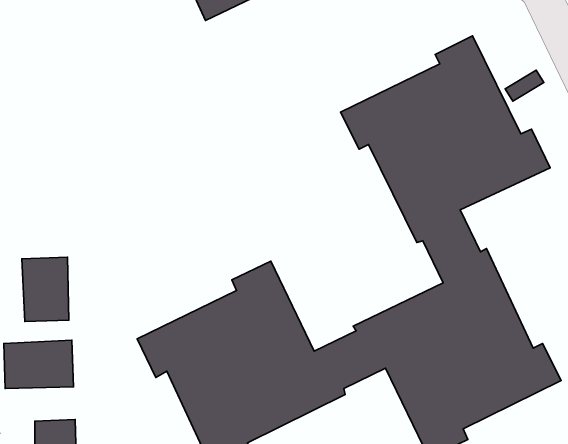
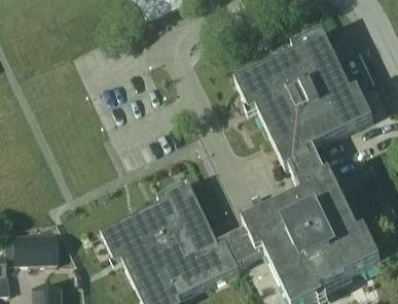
building: [22,257,69,322] -> none

